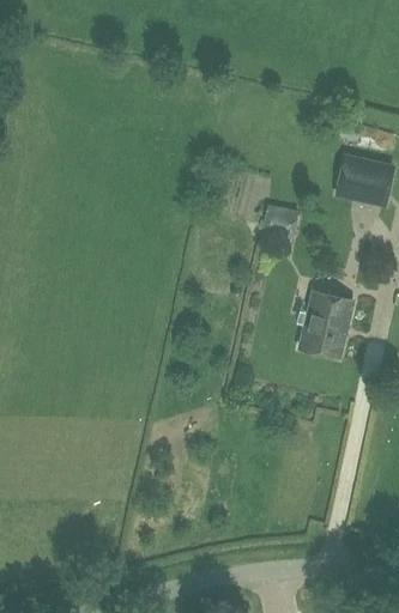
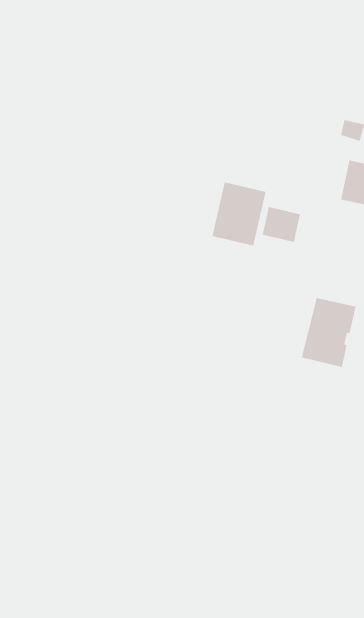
building: none -> [211,181,267,247]

